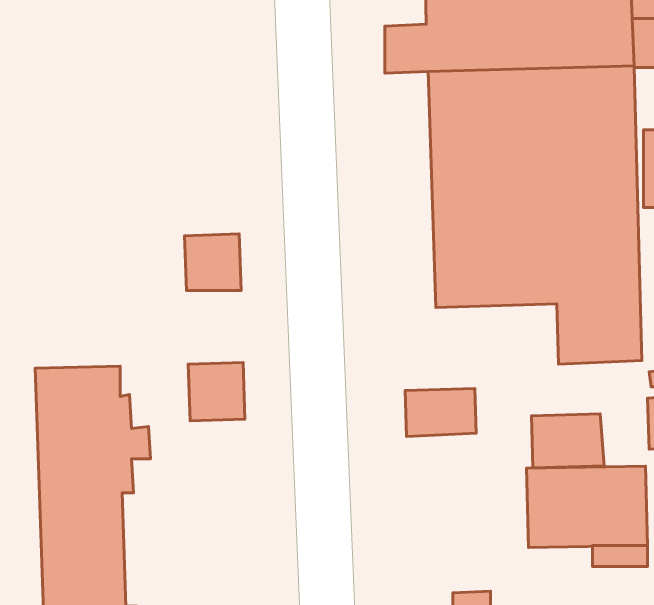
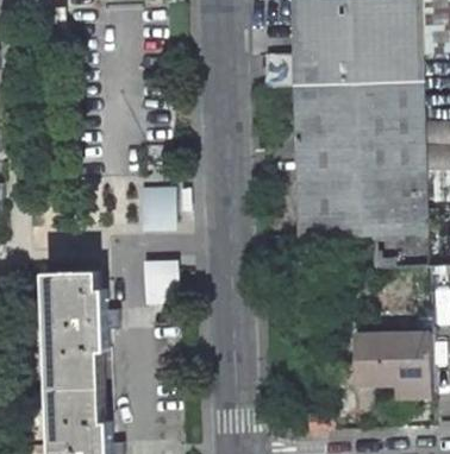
building: [405,389,476,437] -> none
building: [532,414,604,468] -> none

